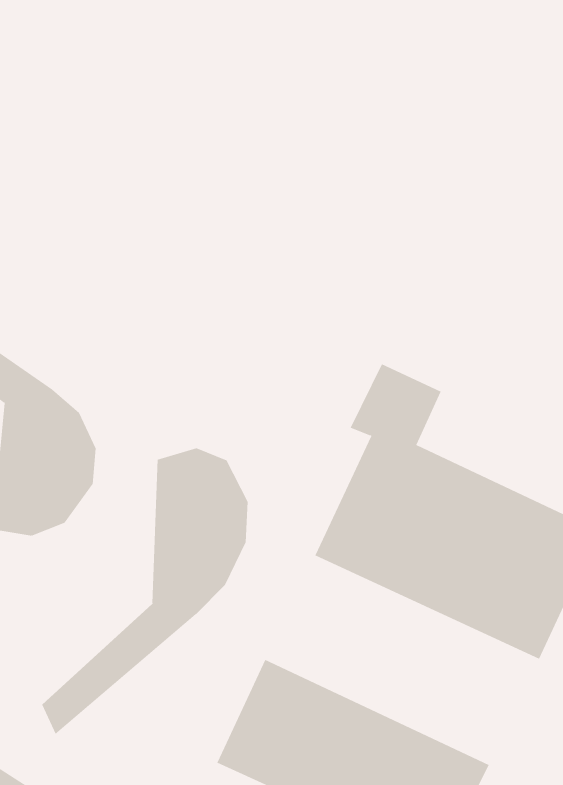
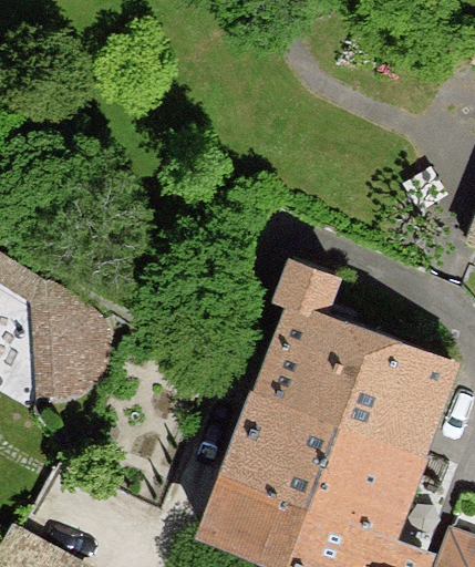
building: [42,448,248,735] -> none
building: none -> [230,392,416,524]

